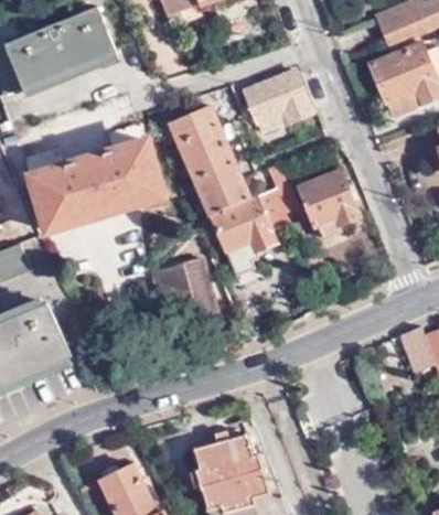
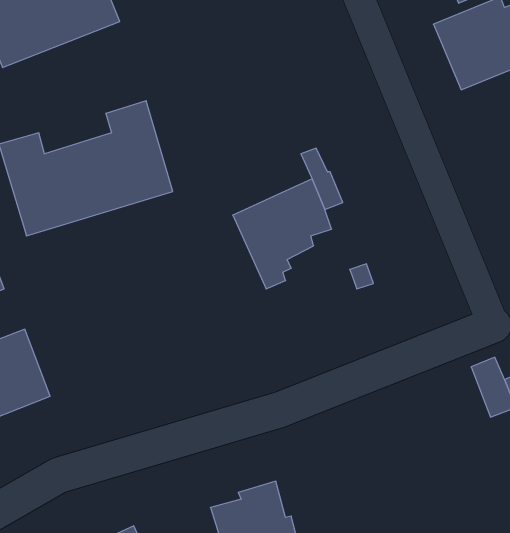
building: [244,74,311,133] -> none
building: [169,105,248,215] -> none
building: [297,171,356,238] -> none
building: [153,260,214,314] -> none

